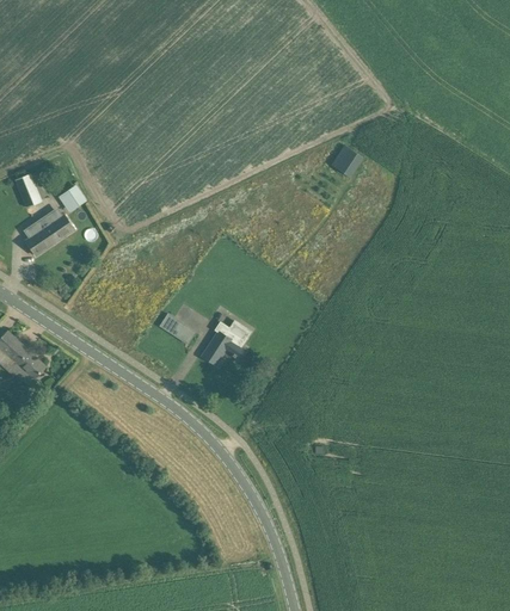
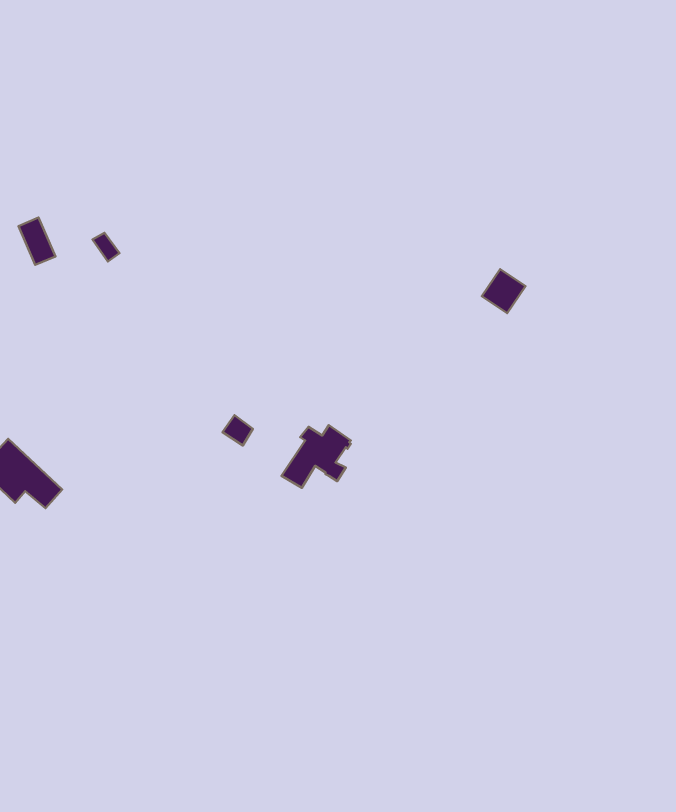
building: [331,146,362,177] -> [482,269,526,313]
building: [25,215,73,255] -> none

